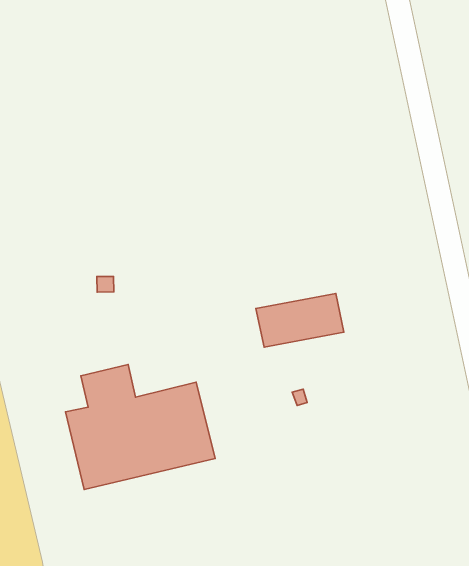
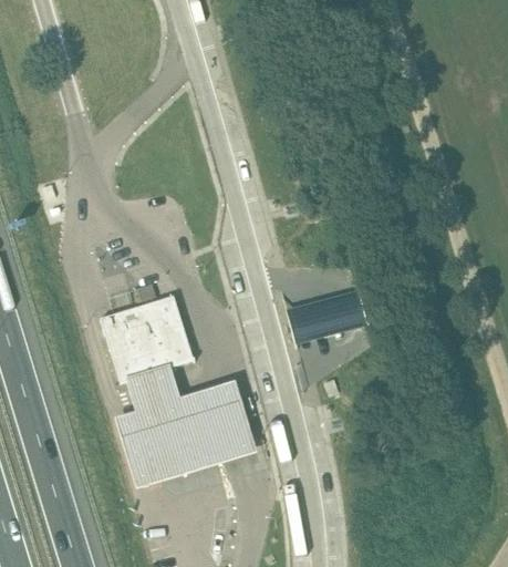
building: none -> [100,298,193,383]

